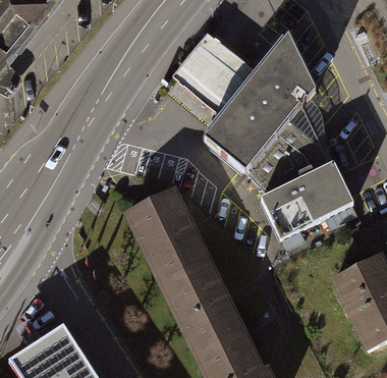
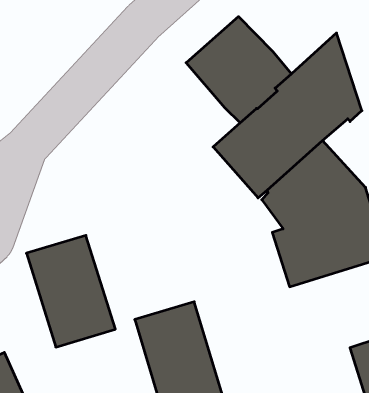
building: [128,192,208,283] -> [26,235,115,347]

